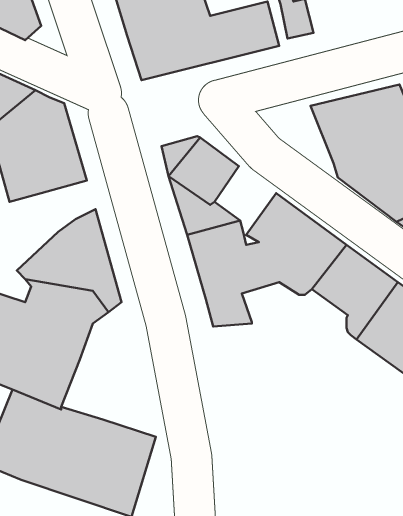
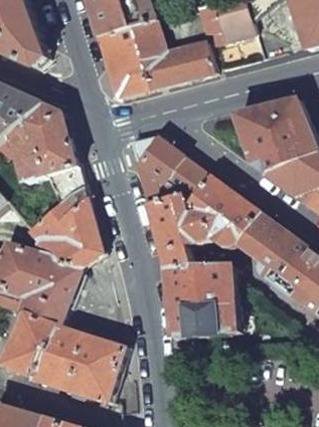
building: none -> [168,158,211,206]
building: none -> [46,168,85,204]
building: none -> [167,265,238,339]

